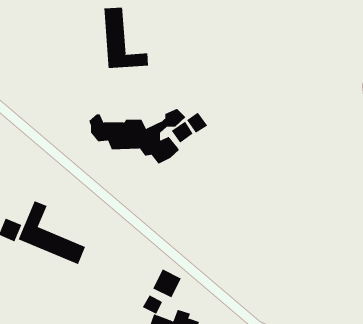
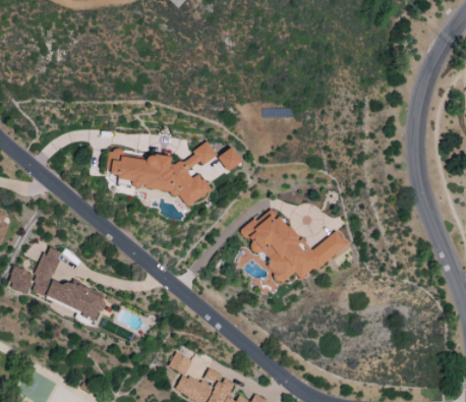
building: [104,7,148,69] -> none
building: none -> [241,208,348,284]
building: [153,269,181,298] -> none

